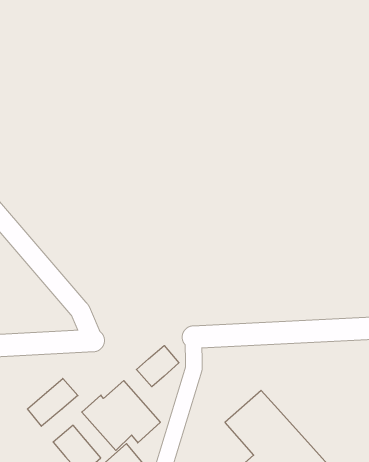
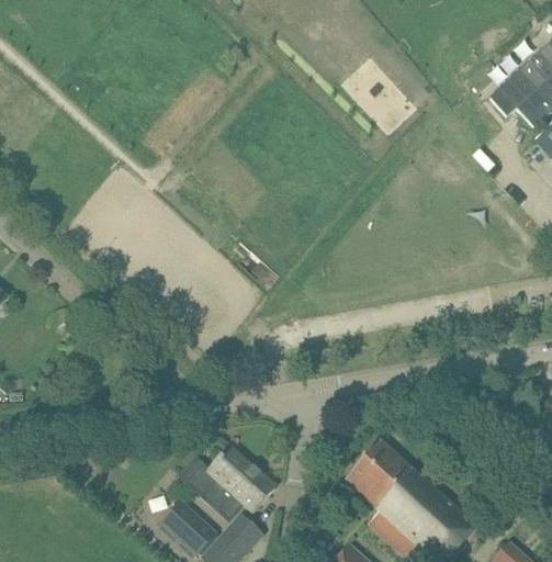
building: [136,346,179,387] -> none
building: [27,378,78,426] -> none

